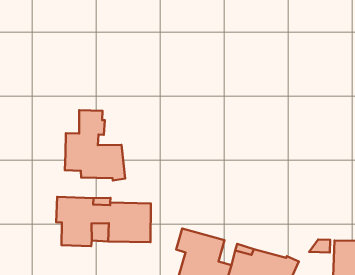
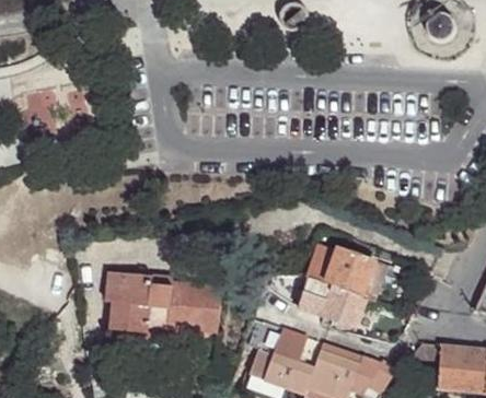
building: [65,110,125,181] -> none
building: none -> [297,245,385,327]

